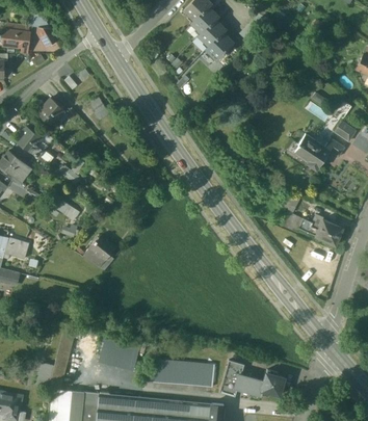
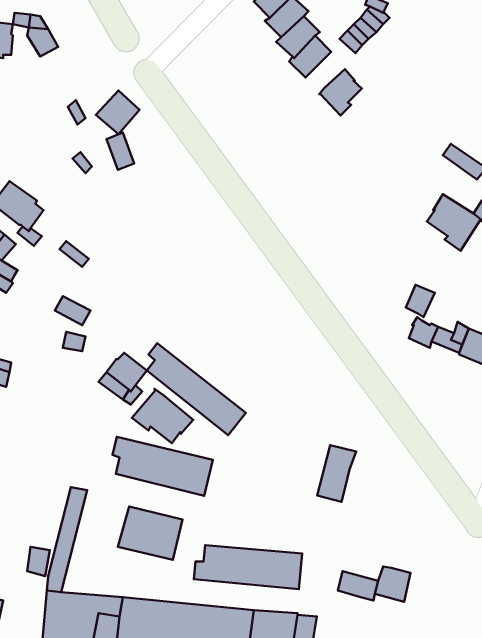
building: none -> [319,69,362,116]
building: [37,97,65,125] -> [96,91,140,134]
building: none -> [147,343,246,435]
building: none -> [132,389,193,443]
building: none -> [112,437,213,496]
building: [220,361,245,397] -> [317,445,356,502]

